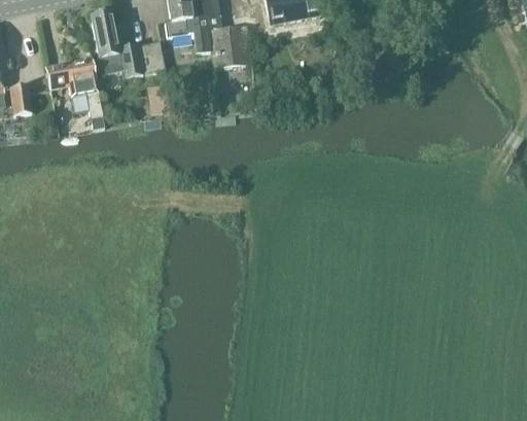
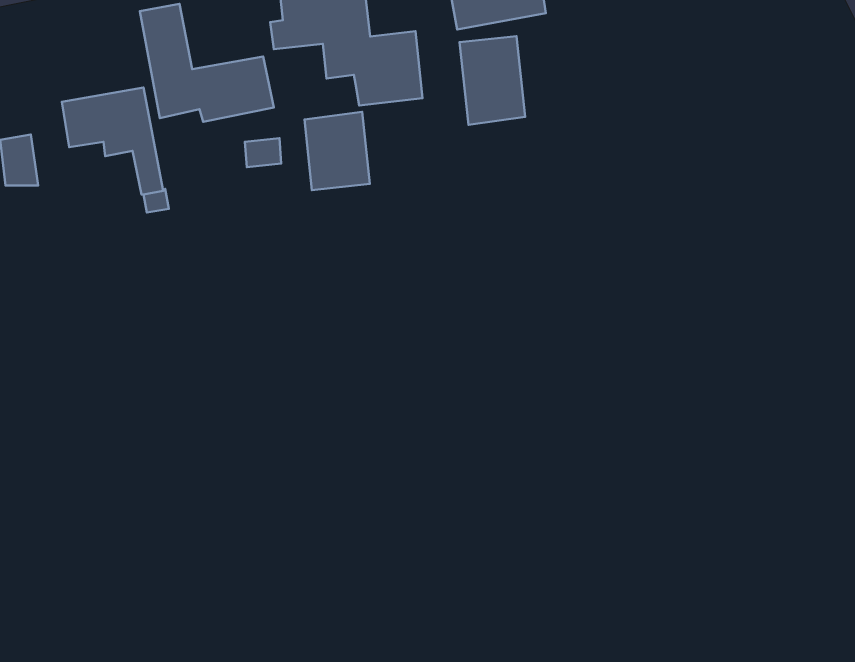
building: none -> [459,36,525,125]
building: none -> [304,112,370,190]

